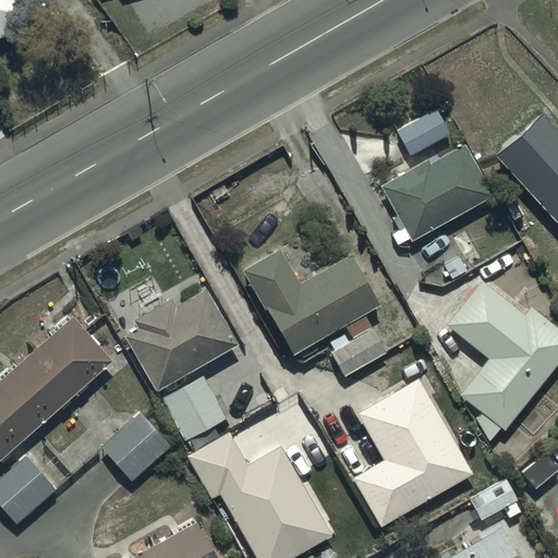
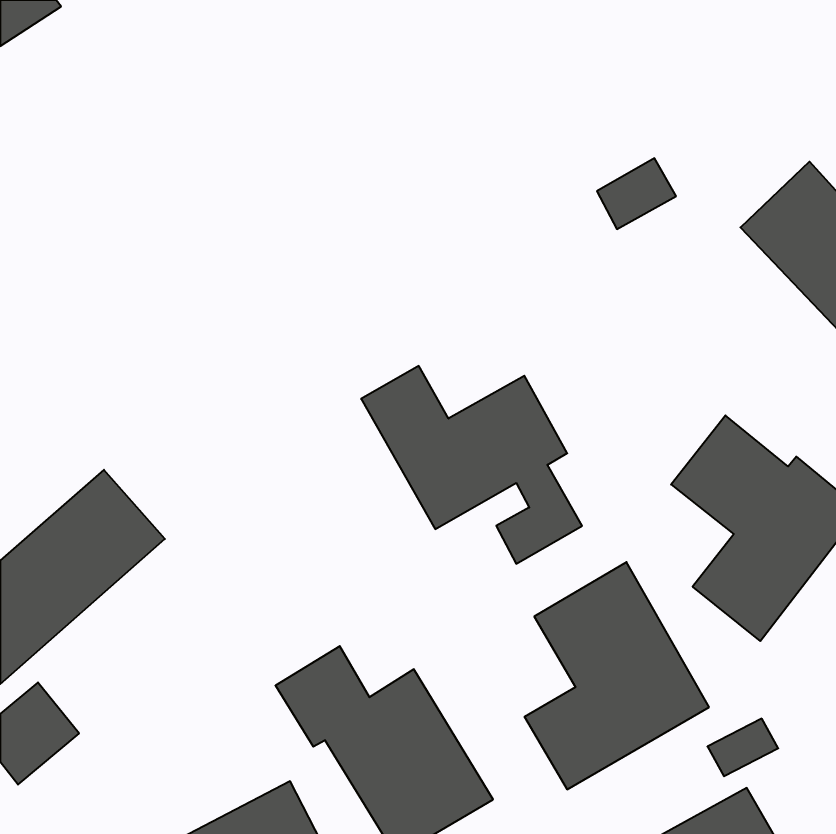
building: [381,142,496,246] -> none
building: [123,287,239,441] -> none
building: [105,413,173,483] -> none

